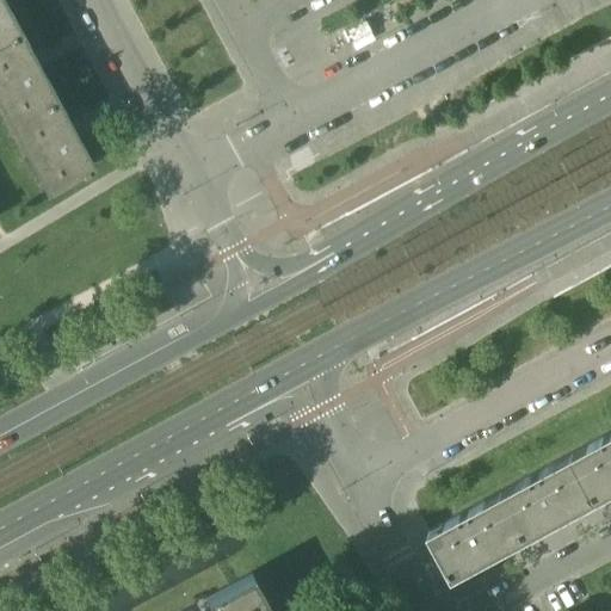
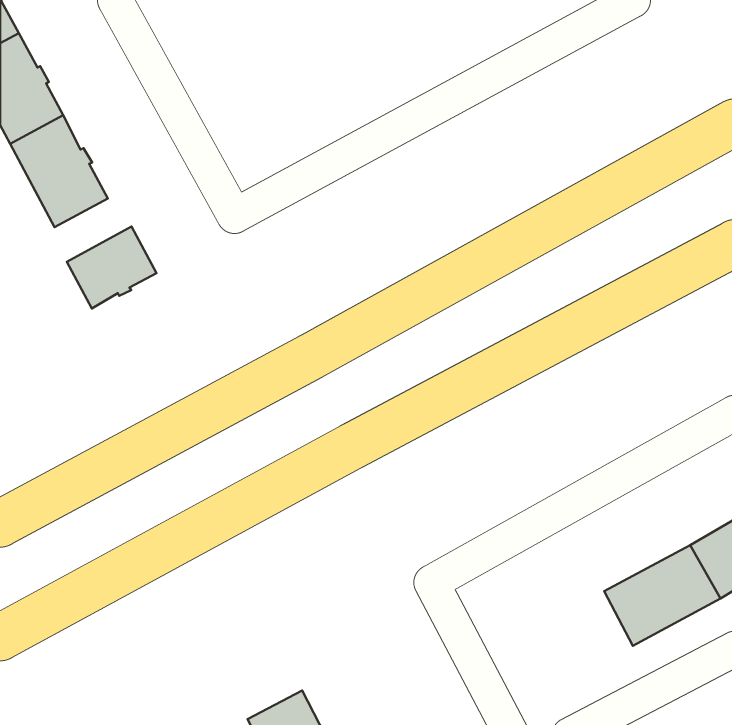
building: none -> [67,227,157,309]
building: [432,499,527,584] -> none

